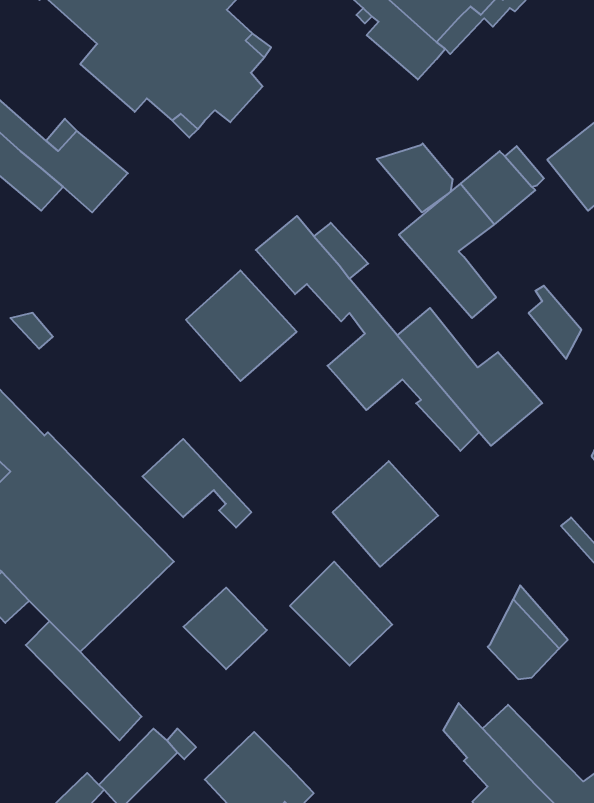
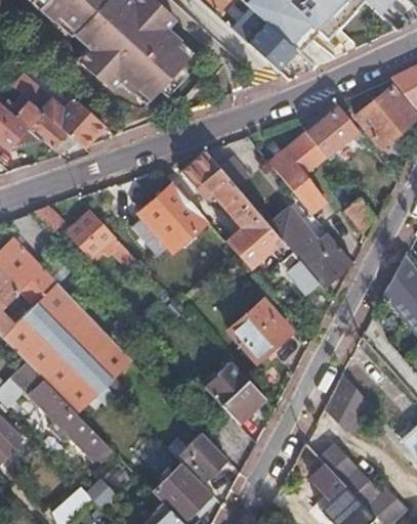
building: [377,143,453,212] -> none
building: [142,439,251,528] -> [68,211,133,264]
building: [183,588,267,669] -> [176,432,226,481]

